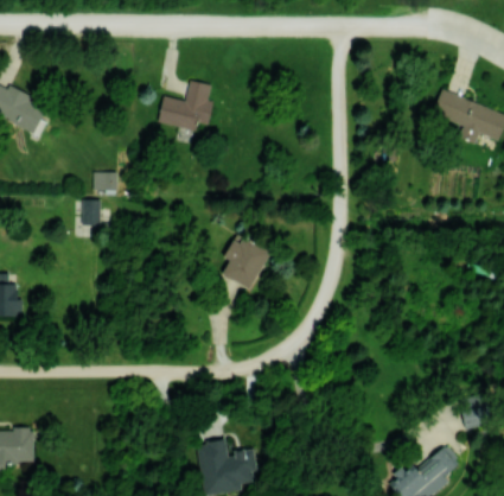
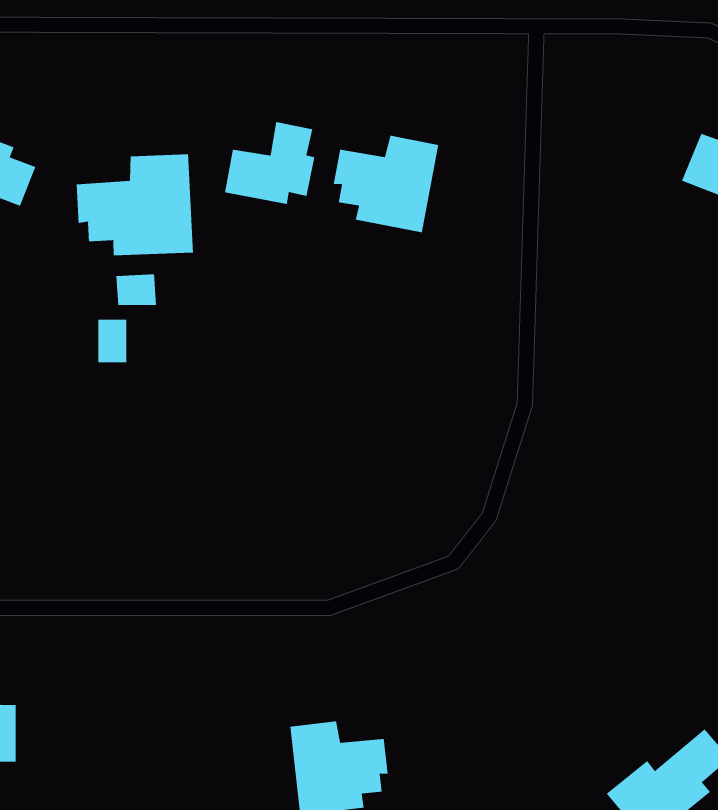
building: none -> [333,135,439,233]
building: none -> [76,154,194,256]
building: [222,235,272,291] -> none

